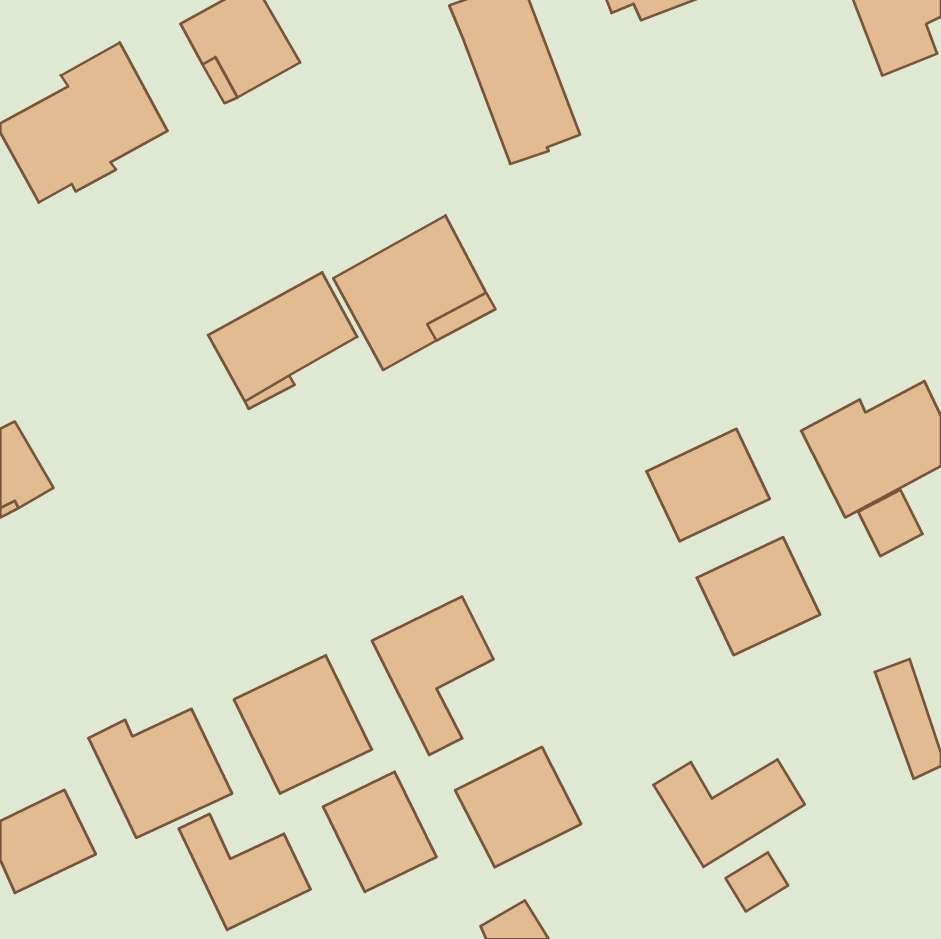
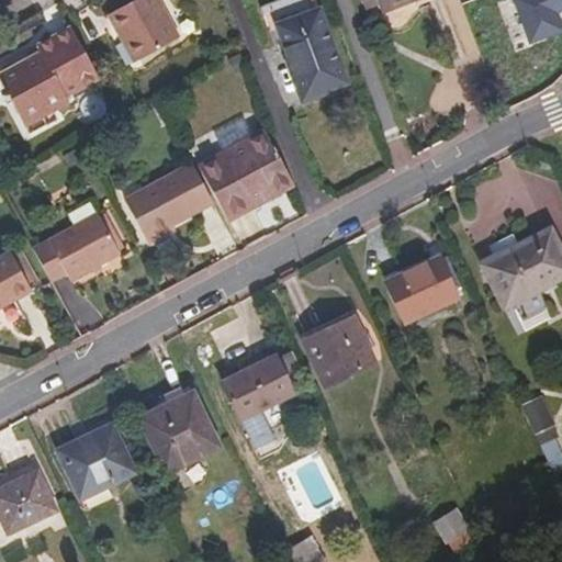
building: none -> [33,213,120,282]
building: [697,537,820,655] -> [303,316,376,386]
building: [455,747,581,867] -> none
building: [653,759,805,867] -> none
building: [323,772,436,892] -> none
building: [179,814,311,930] -> none

